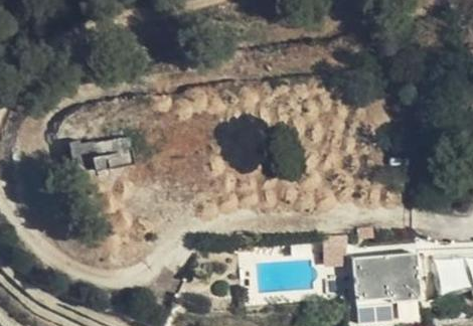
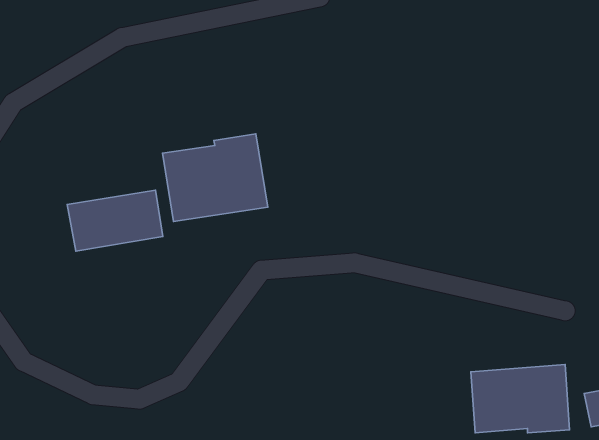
building: none -> [162,134,268,222]

